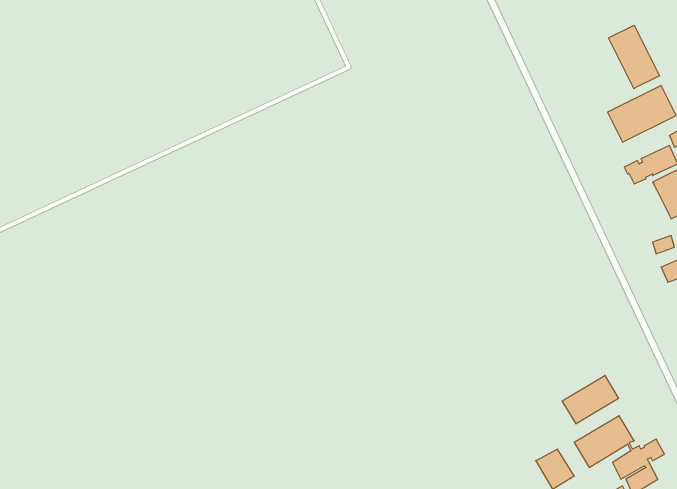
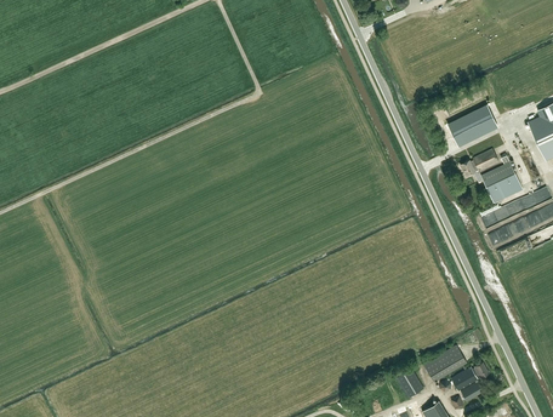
building: [609,25,659,89] -> none
building: [562,375,619,424] -> none

